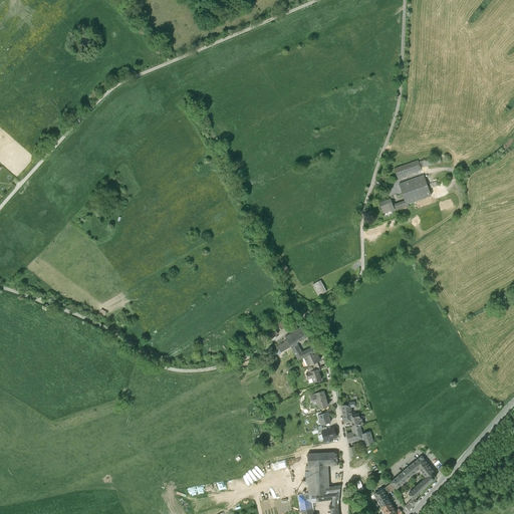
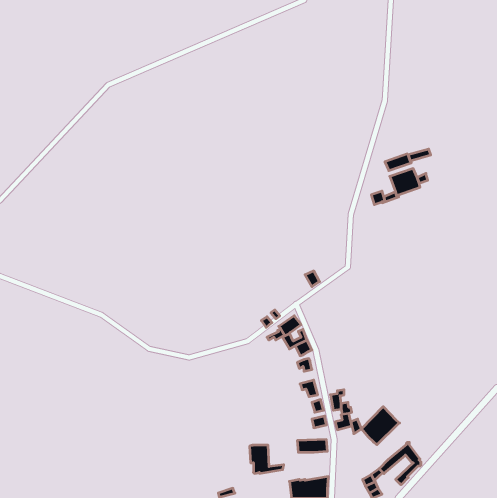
building: none -> [362,407,400,445]
building: [304,466,339,495] -> [250,445,284,473]

